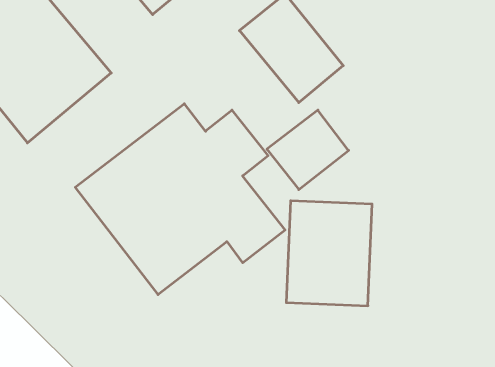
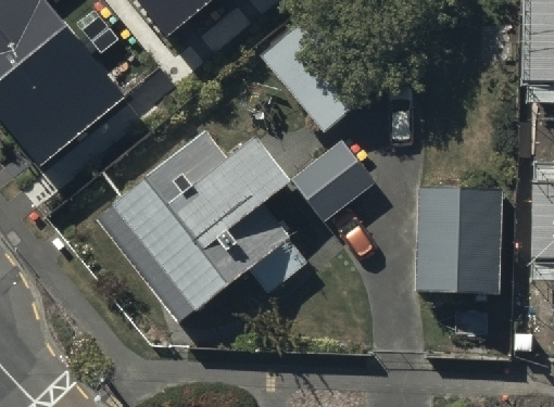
building: [286,201,372,306] -> [414,186,502,293]

